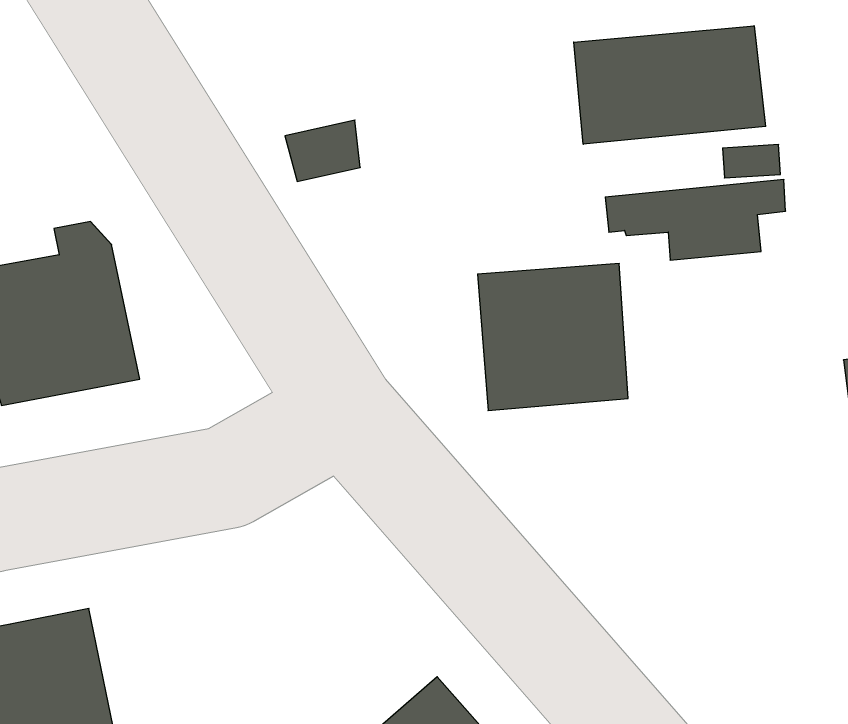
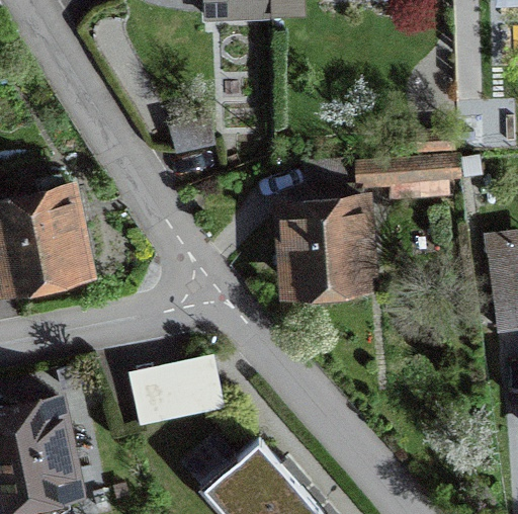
building: [574,26,766,144] -> none
building: none -> [135,361,221,423]

